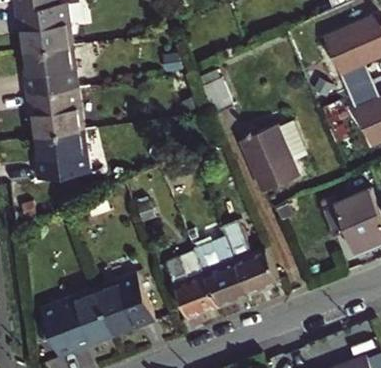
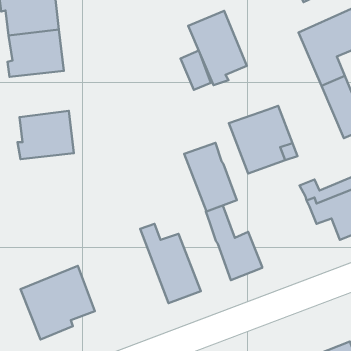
building: none -> [188,11,247,85]
building: [26,87,85,133] -> none
building: [194,238,246,306] -> [184,143,237,211]
building: [94,265,153,326] -> none

